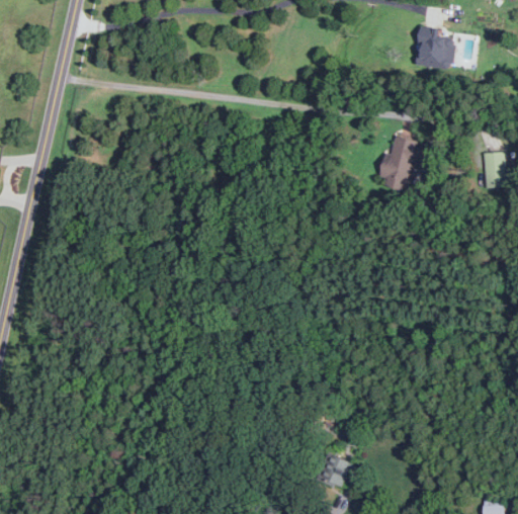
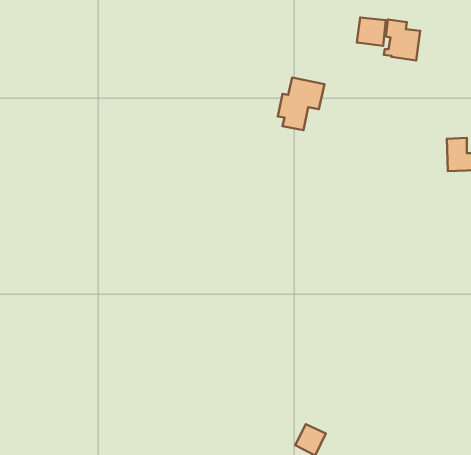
building: none -> [357,17,386,46]
building: [378,135,428,190] -> [278,78,325,130]

